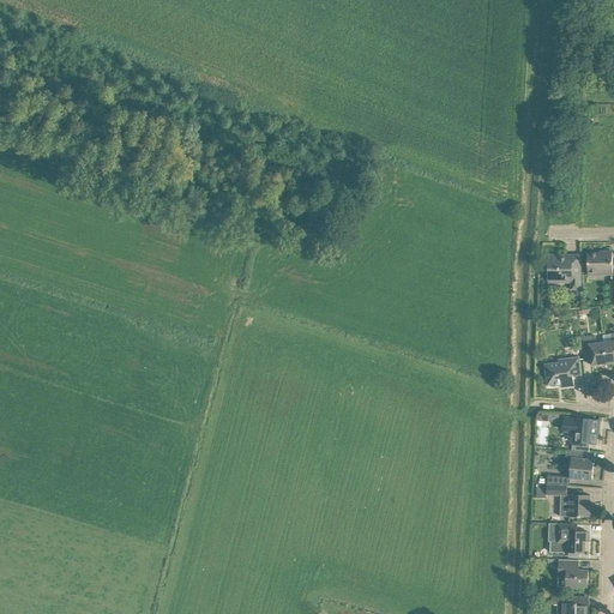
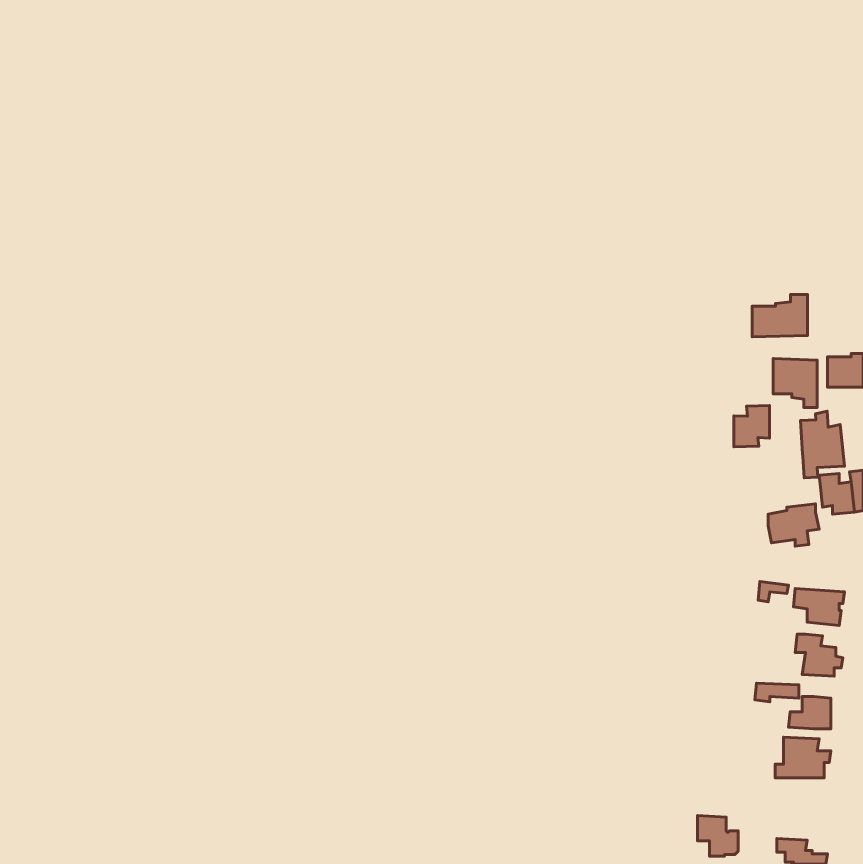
building: none -> [752,295,808,337]
building: none -> [734,406,770,447]
building: none -> [800,411,844,478]
building: [558,559,586,588] -> [697,816,738,856]

